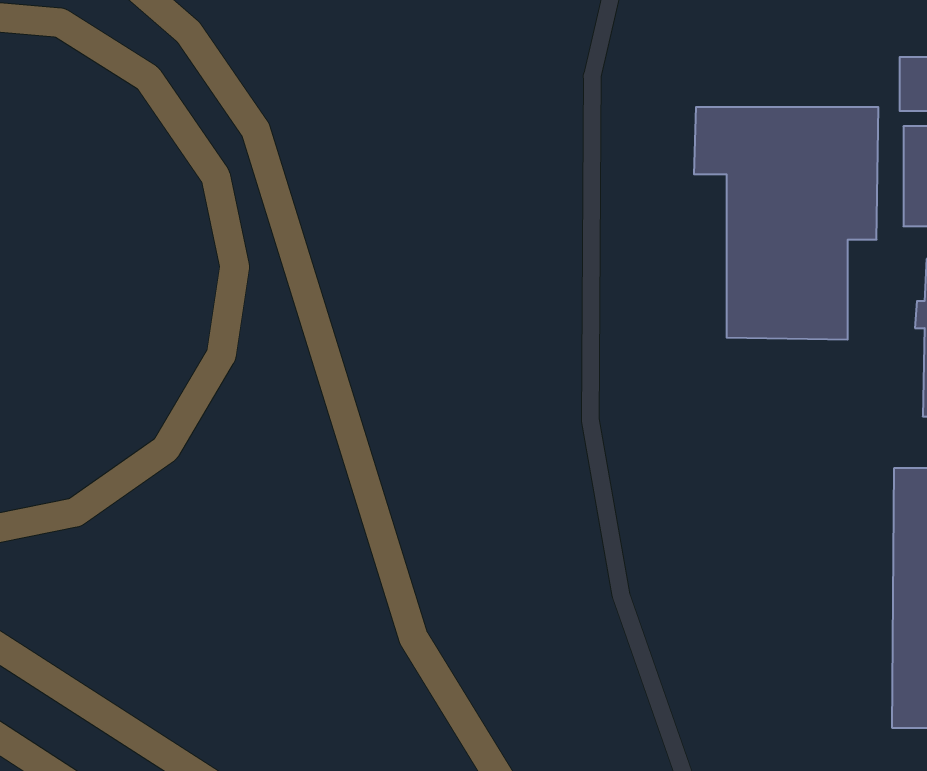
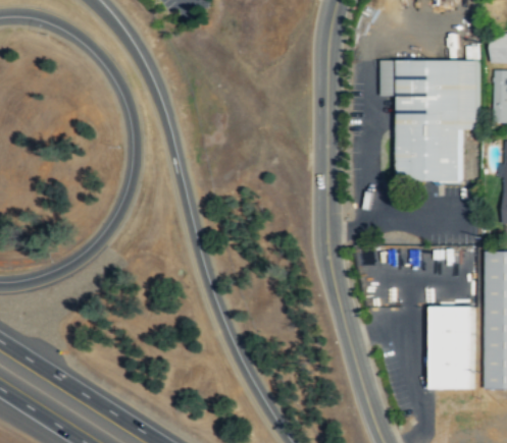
building: none -> [432,307,474,388]

